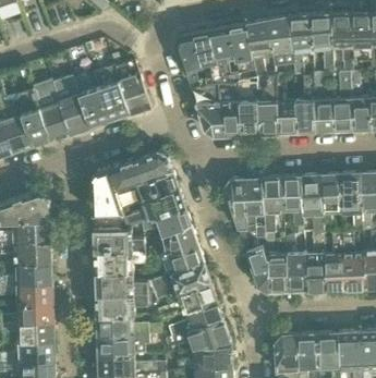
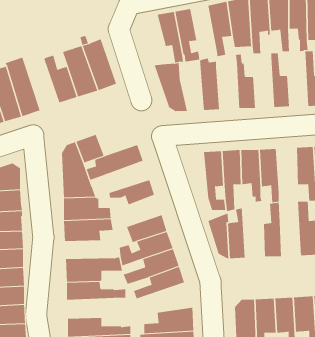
building: [229,25,255,75] -> none
building: [175,35,202,88] -> none
building: [331,73,352,132] -> none
building: [52,76,89,136] -> none
building: [256,77,279,135] -> none
building: [295,80,316,134] -> none
building: [217,83,242,137] -> none
building: [129,151,172,184] -> none
building: [319,175,341,223] -> none
building: [223,180,266,253] -> none
building: [125,190,185,228] -> none
building: [156,225,198,258] -> none
building: [324,232,344,291] -> none
building: [283,236,306,292] -> none
building: [95,273,154,293] -> none
building: [163,318,231,350] -> none
building: [97,334,149,356] -> none

